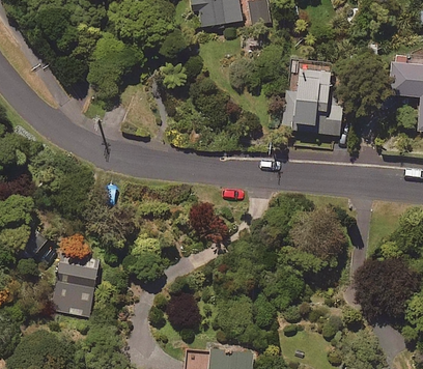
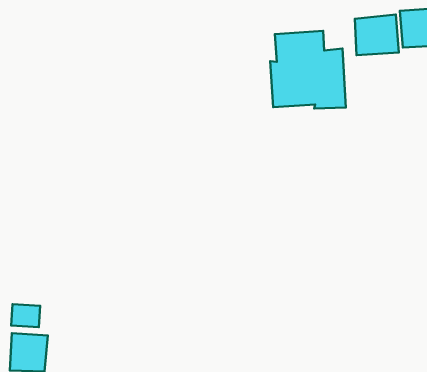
building: none -> [355,14,399,55]

